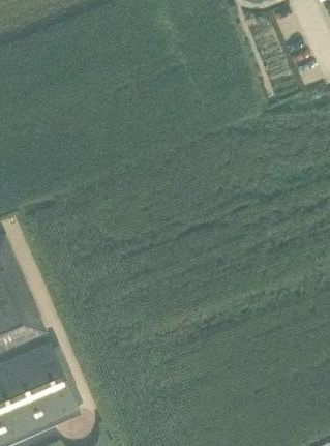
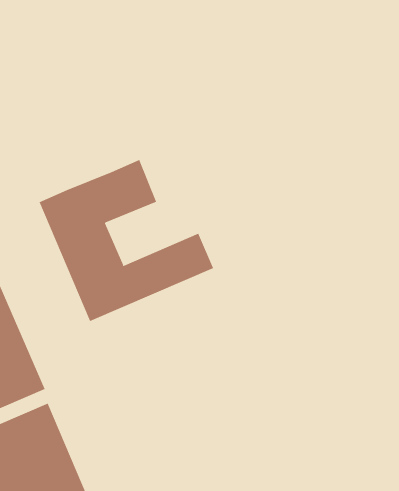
building: none -> [39,159,214,322]

